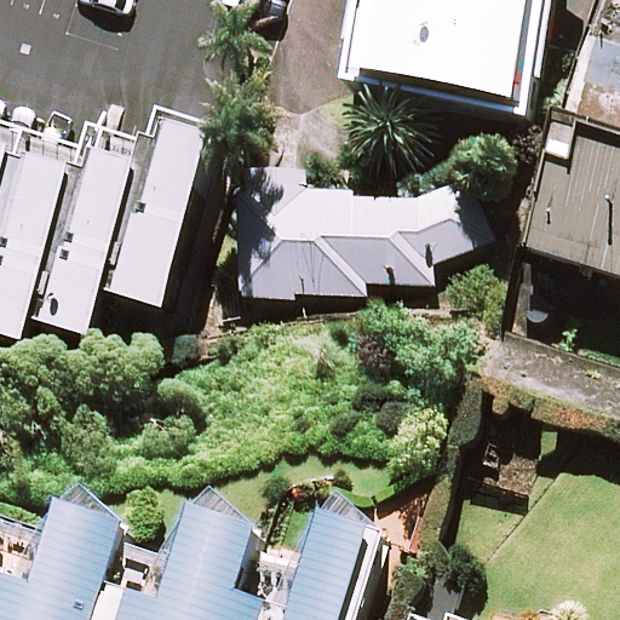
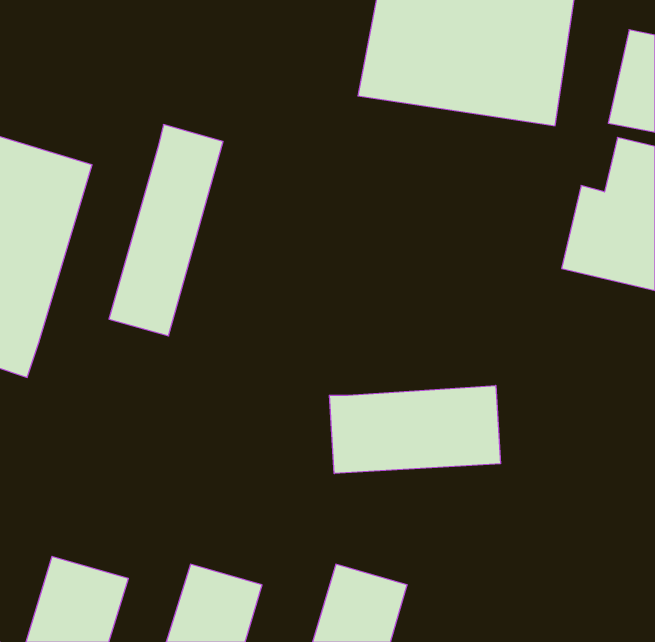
building: [36,122,148,335] -> none
building: [245,180,483,281] -> none
building: none -> [329,385,500,474]

